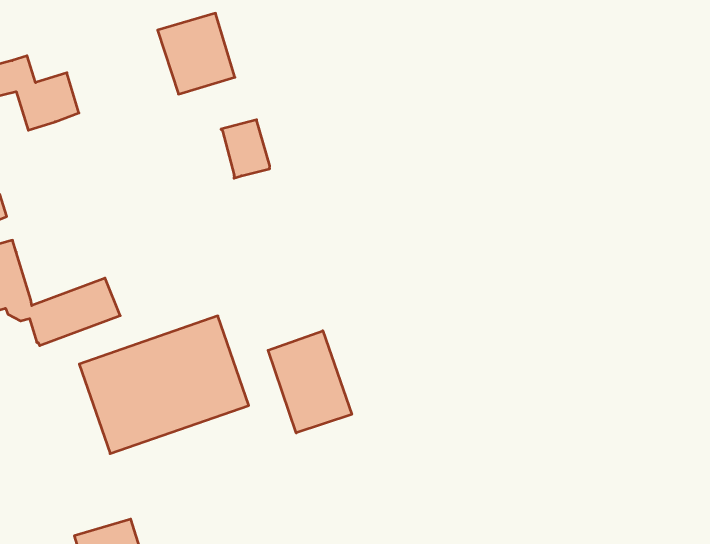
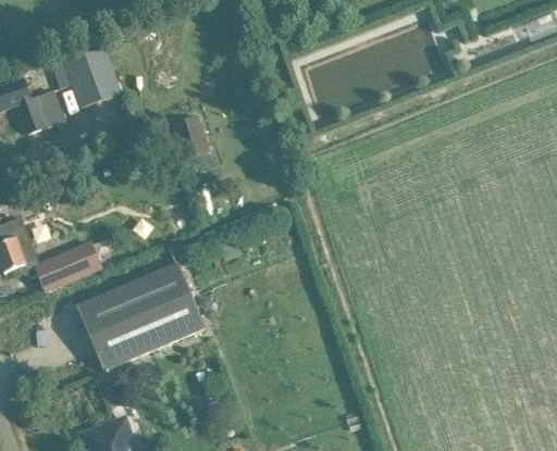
building: [158,13,235,94] -> [62,46,122,108]
building: [268,331,352,433] -> none

